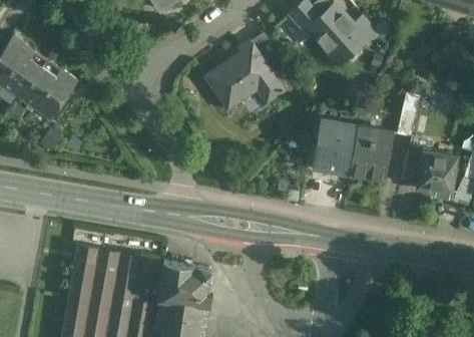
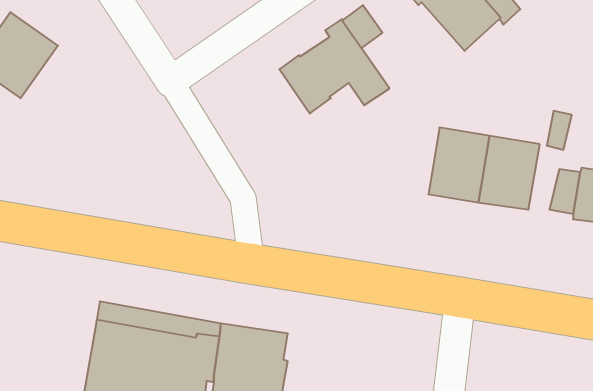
building: [19,60,76,119] -> none

